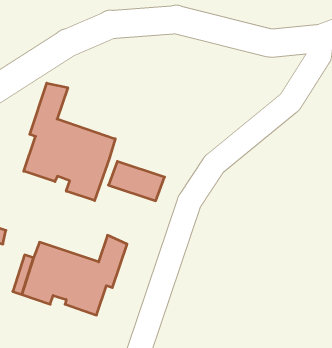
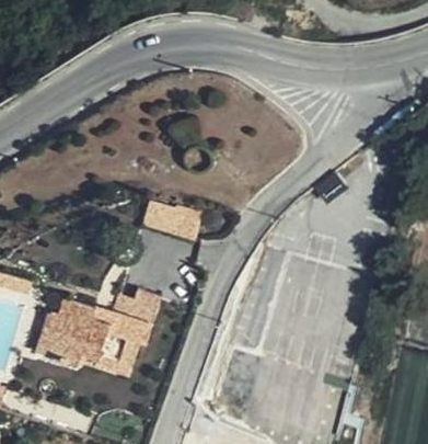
building: [24,83,115,201] -> none

